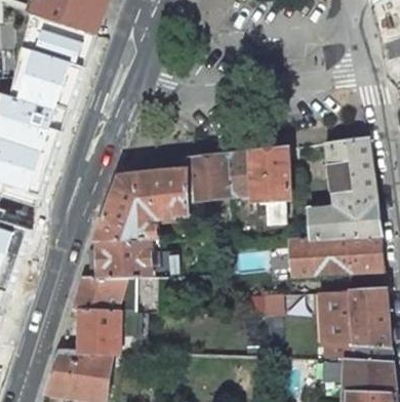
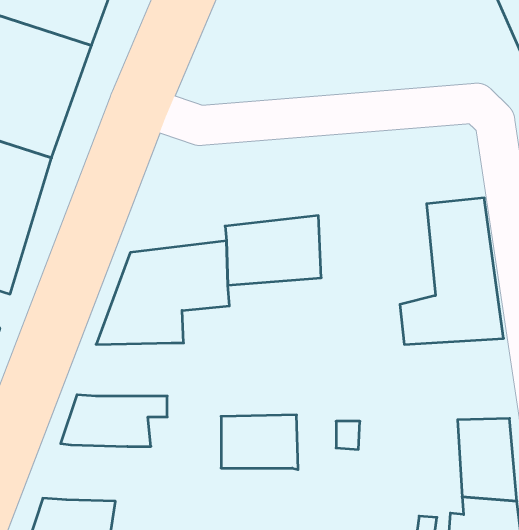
building: [252,147,290,223] -> none
building: [289,236,384,277] -> none
building: [98,239,152,277] -> [221,415,298,470]
building: [318,292,353,358] -> none
building: [78,310,120,350] -> none

